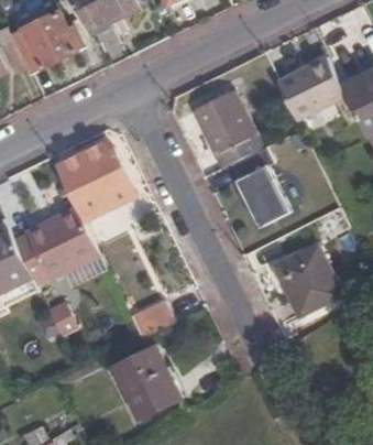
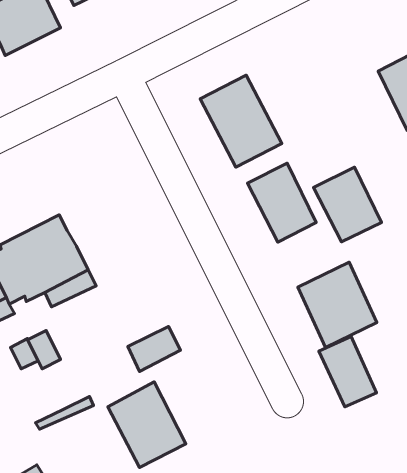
building: [287,57,338,102] -> none
building: [51,141,138,219] -> none
building: none -> [314,167,381,242]
building: none -> [319,337,377,407]

